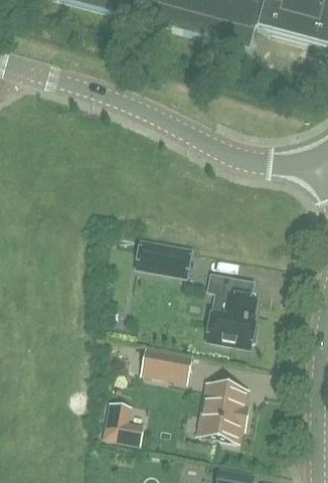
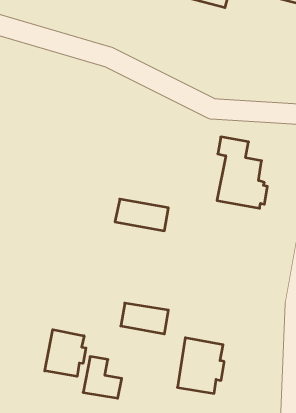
building: [208,268,260,340] -> [217,137,267,208]
building: none -> [45,330,86,376]

